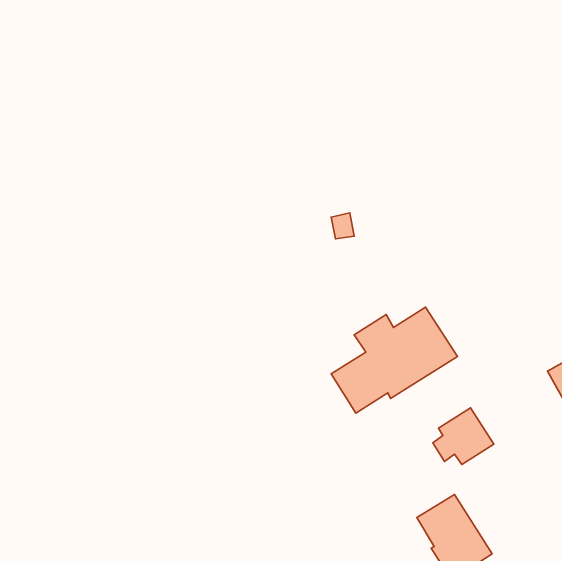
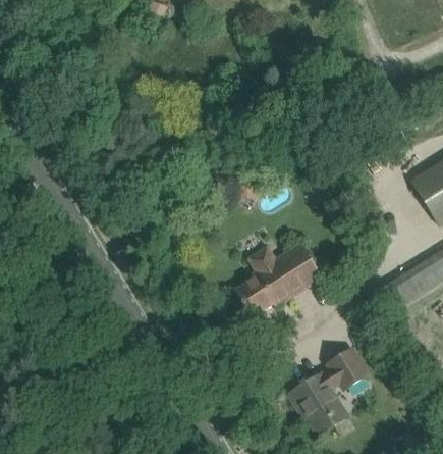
building: [433,408,494,464] -> [325,348,368,388]

